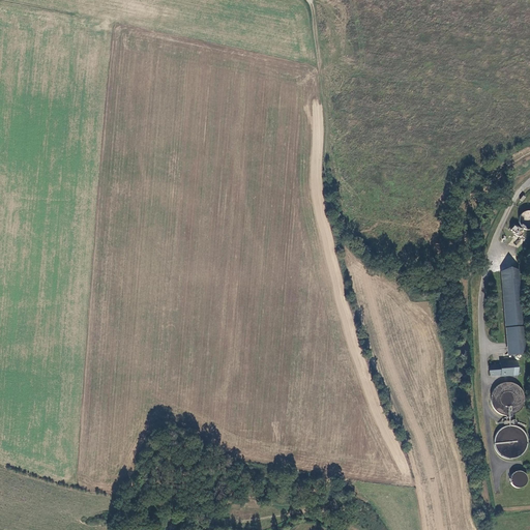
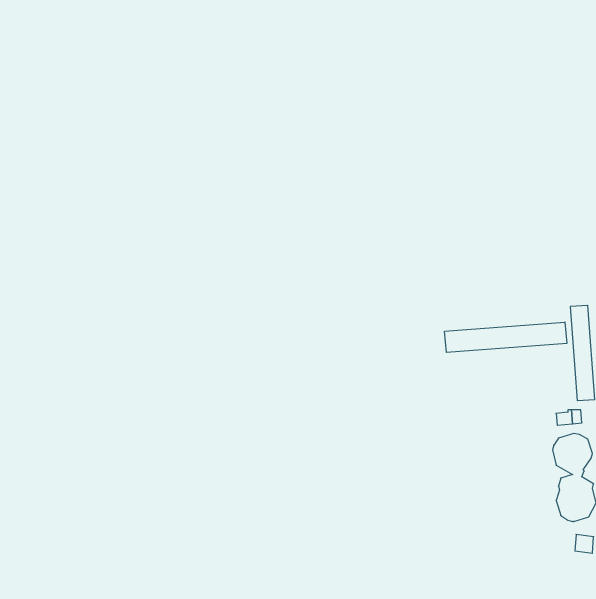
building: none -> [445,322,567,352]

